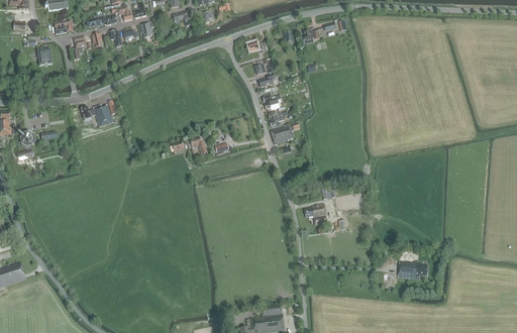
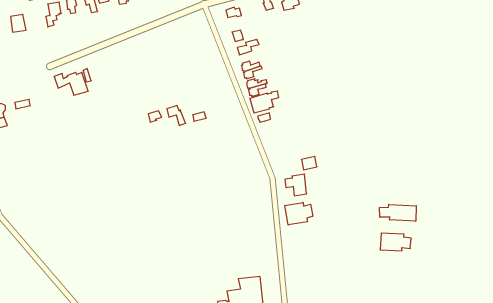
building: none -> [285,202,313,225]
building: none -> [380,204,416,221]

